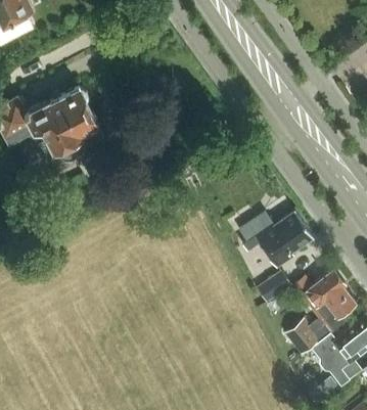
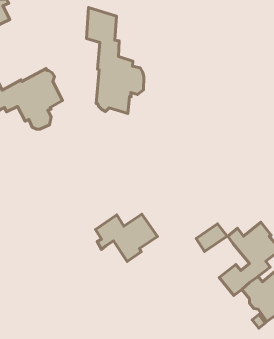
building: none -> [86,7,144,113]
building: [240,211,314,267] -> [95,214,157,261]

